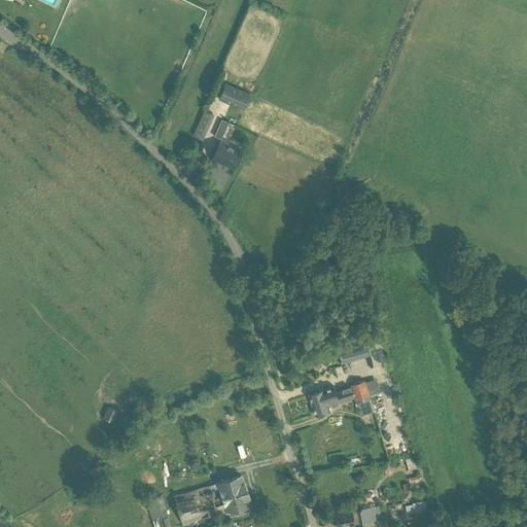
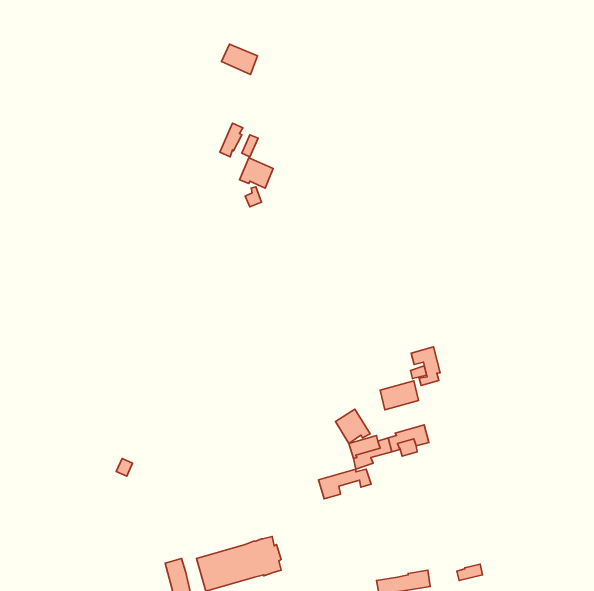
building: [218,85,250,112] -> [221,44,257,74]
building: none -> [411,347,440,386]
building: none -> [335,409,370,443]
building: none -> [318,469,371,499]

